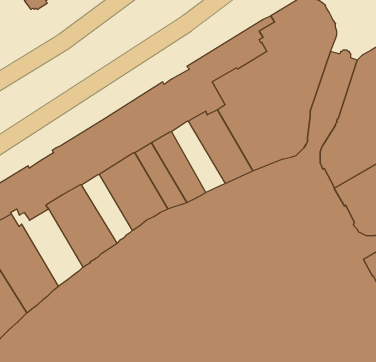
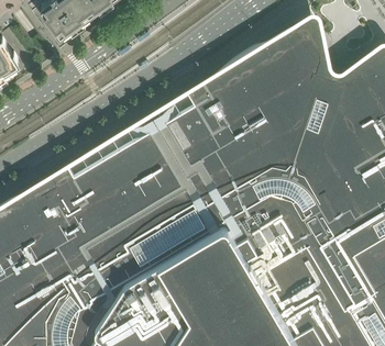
building: none -> [179,134,226,196]
building: none -> [101,180,145,239]
building: none -> [40,210,102,277]

